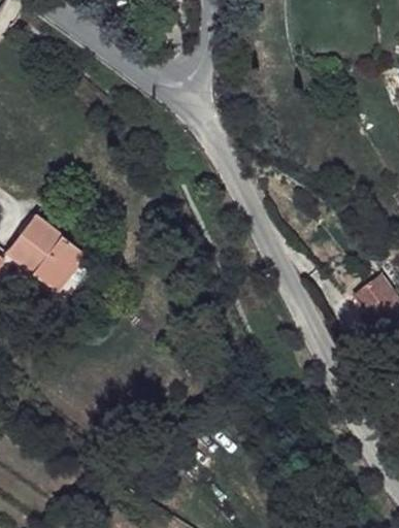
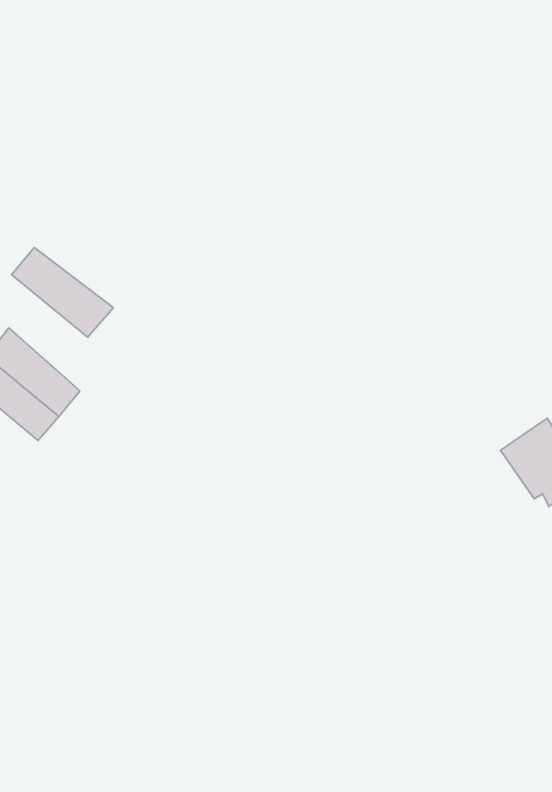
building: none -> [12,248,113,337]

